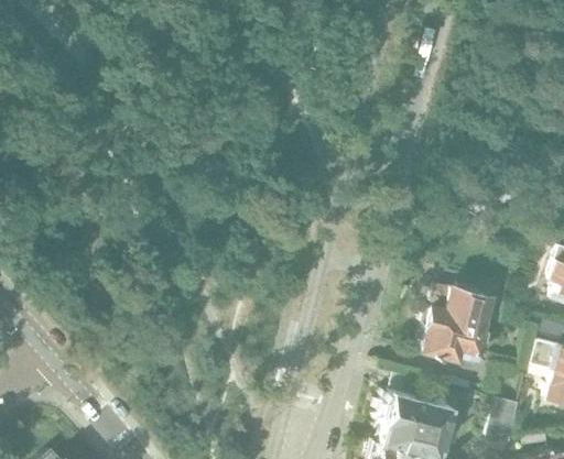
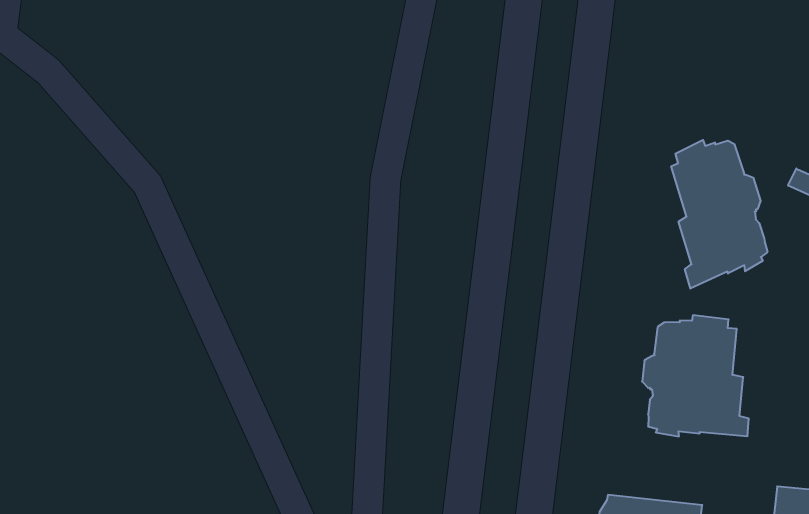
building: none -> [671,140,767,289]

